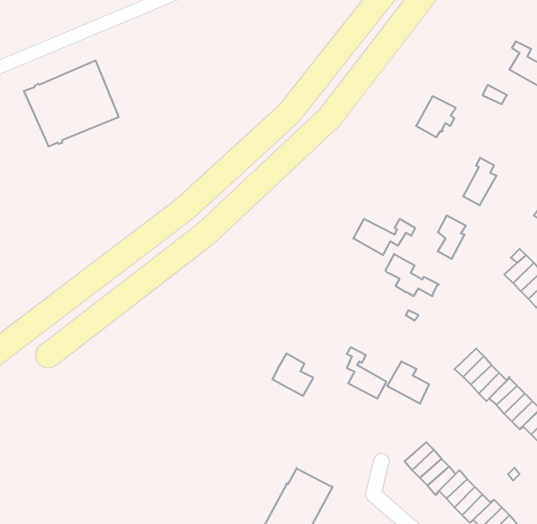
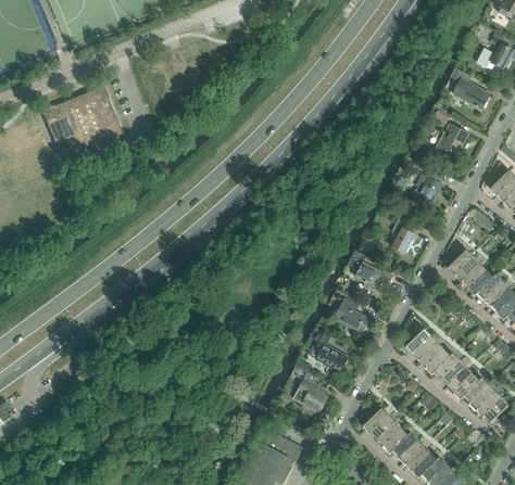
building: [416,96,456,137] -> [435,123,468,157]
building: [353,219,415,255] -> none
building: [272,354,313,396] -> [292,375,327,411]
building: [387,361,429,404] -> [332,297,368,333]

